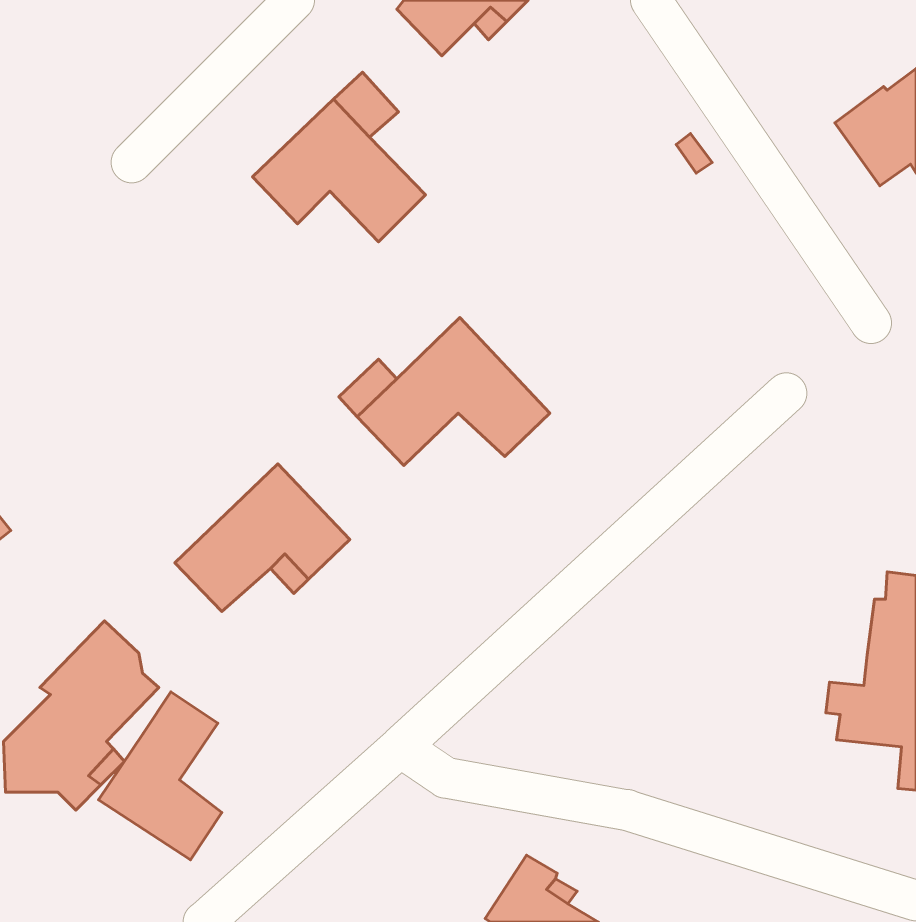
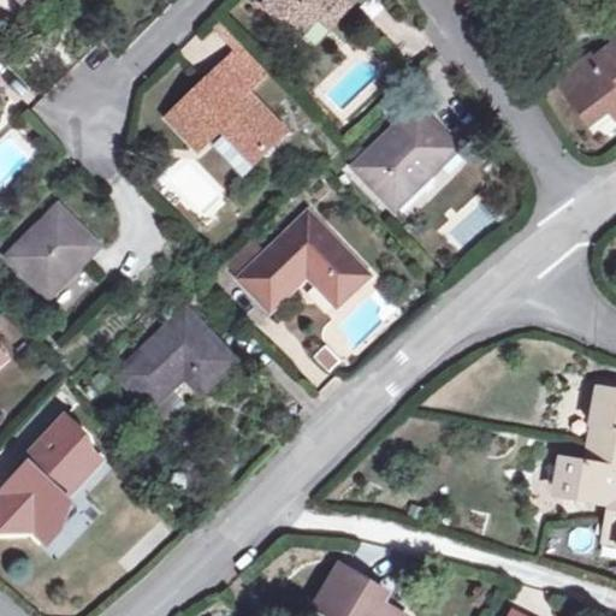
building: none -> [354,107,457,211]
building: none -> [7,206,99,297]
building: [99,692,222,860] -> none

